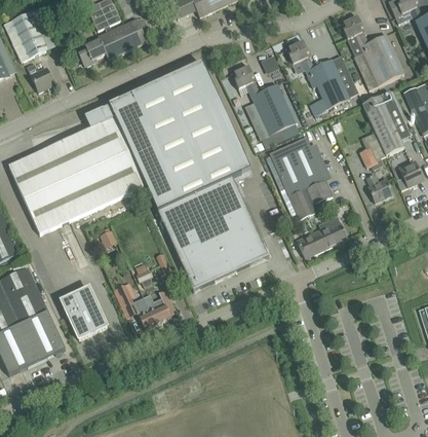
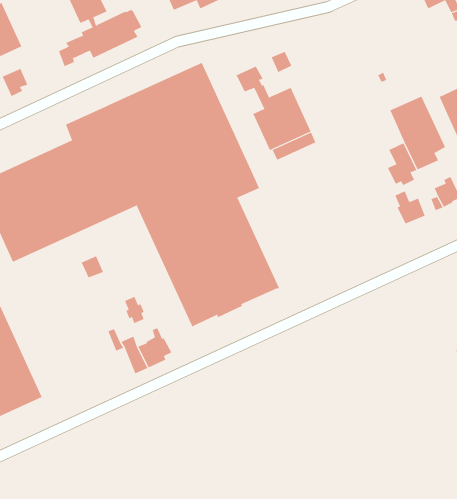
building: [340,14,404,88] -> none
building: [285,40,350,114] -> none
building: [266,136,333,220] -> none
building: [298,215,348,257] -> none
building: [62,287,107,338] -> none

